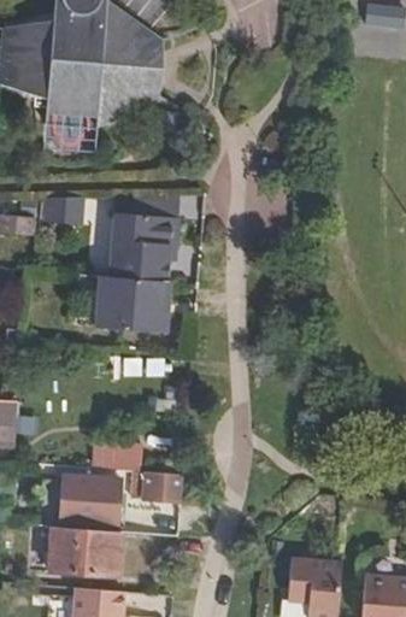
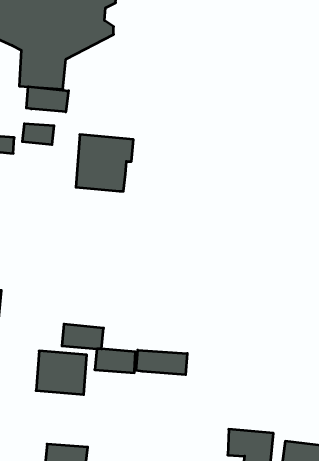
building: none -> [26,87,69,112]
building: [96,275,166,331] -> none
building: none -> [136,350,187,375]
building: [51,525,123,575] -> none

